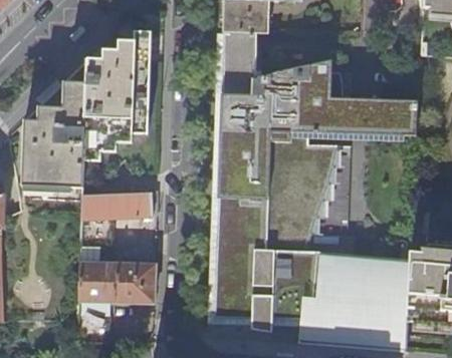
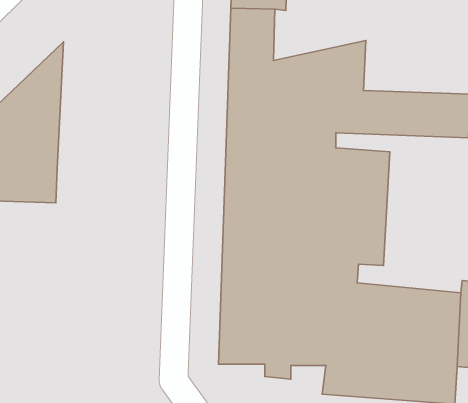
building: [84,30,152,160] -> none
building: [77,190,159,343] -> none

